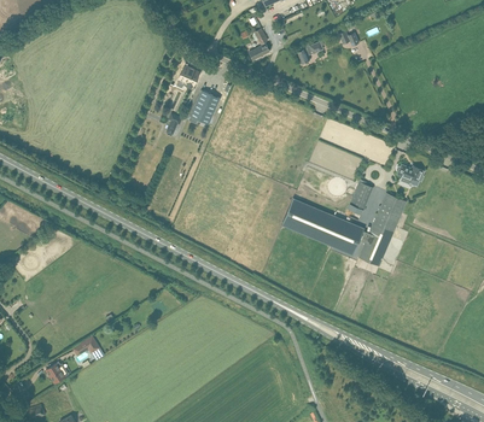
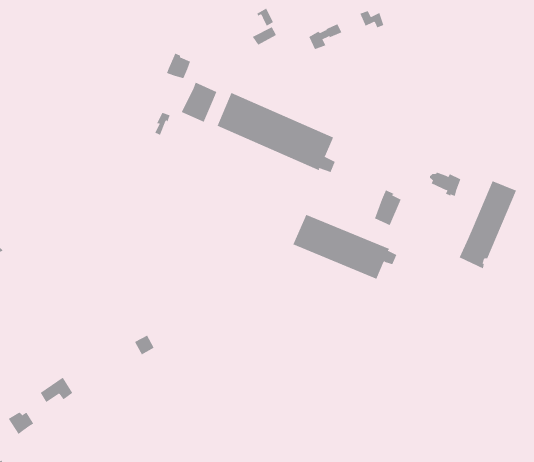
building: none -> [217,92,335,173]
building: [357,193,406,266] -> [459,180,517,269]

